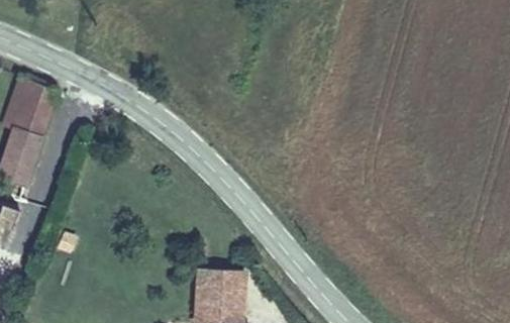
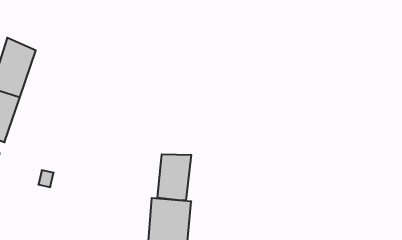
building: none -> [158,154,191,200]

